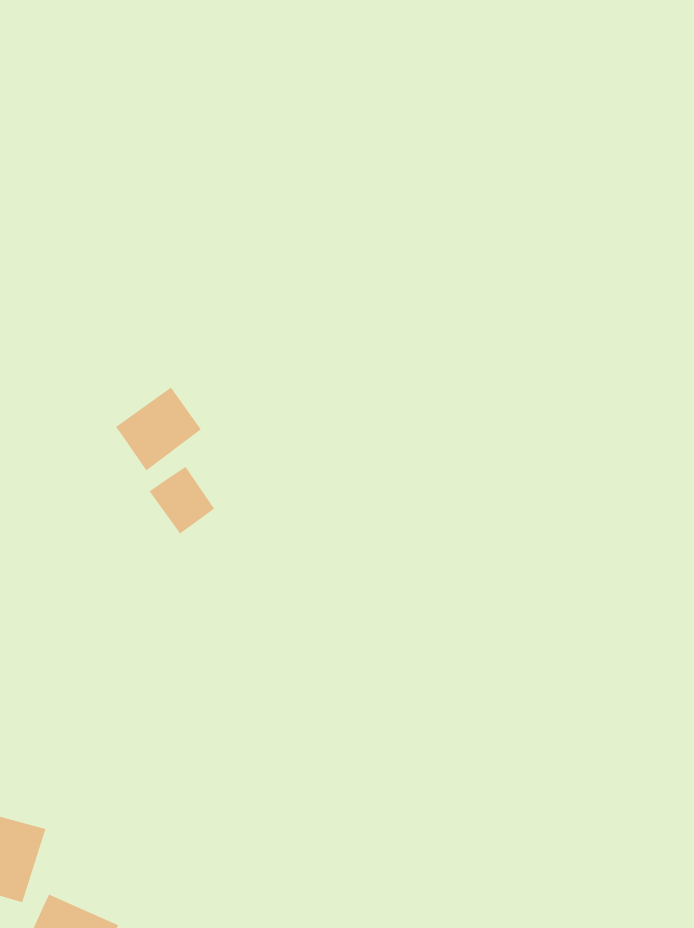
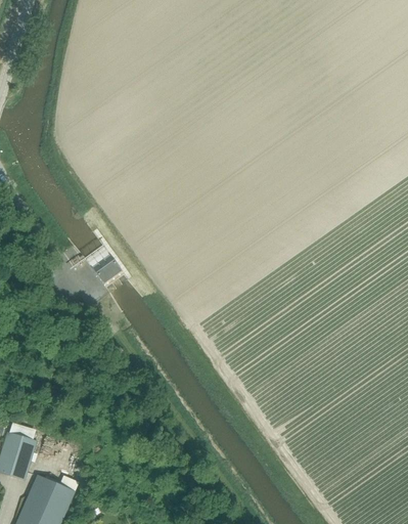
building: [115,386,202,472] -> none

